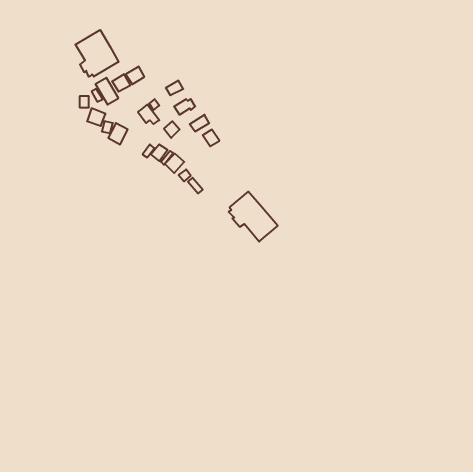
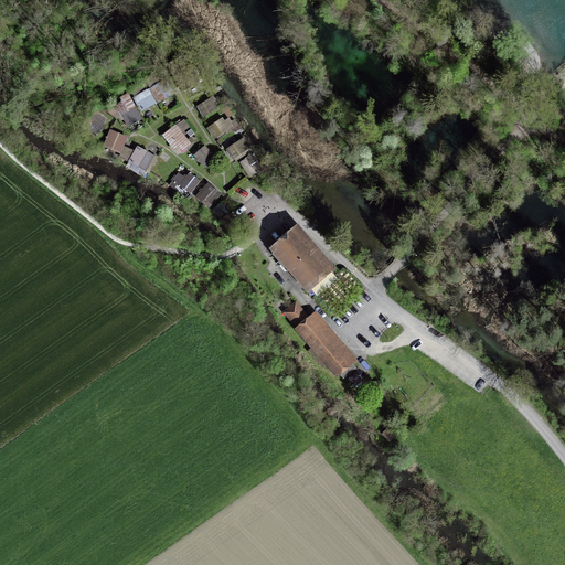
building: [75,30,119,77] -> none
building: none -> [285,302,349,374]

